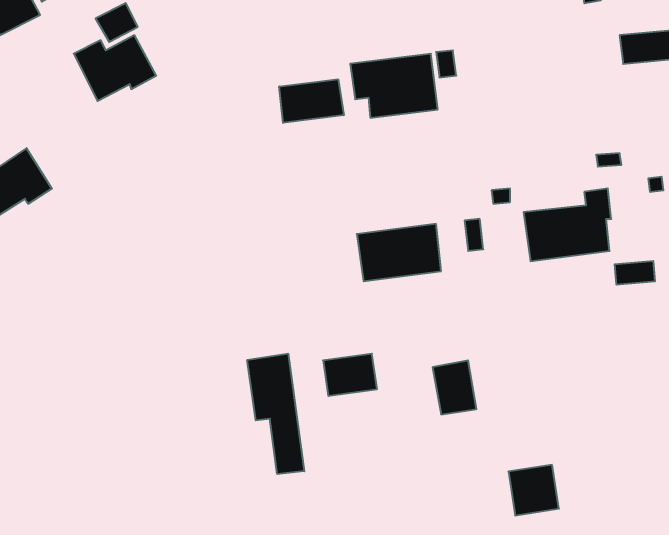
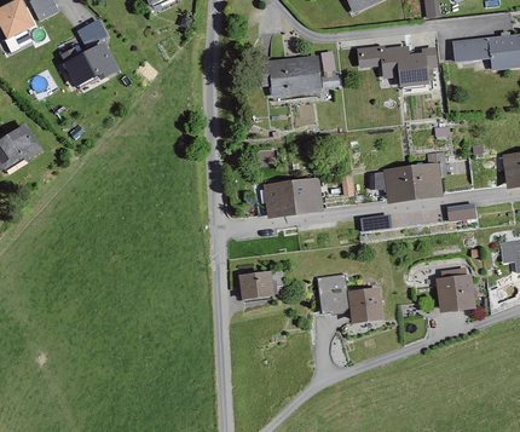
building: none -> [354,45,437,87]
building: [279,79,344,123] -> none
building: none -> [435,267,476,312]
building: [247,354,304,474] -> none
building: [508,465,559,515] -> [348,287,385,323]

